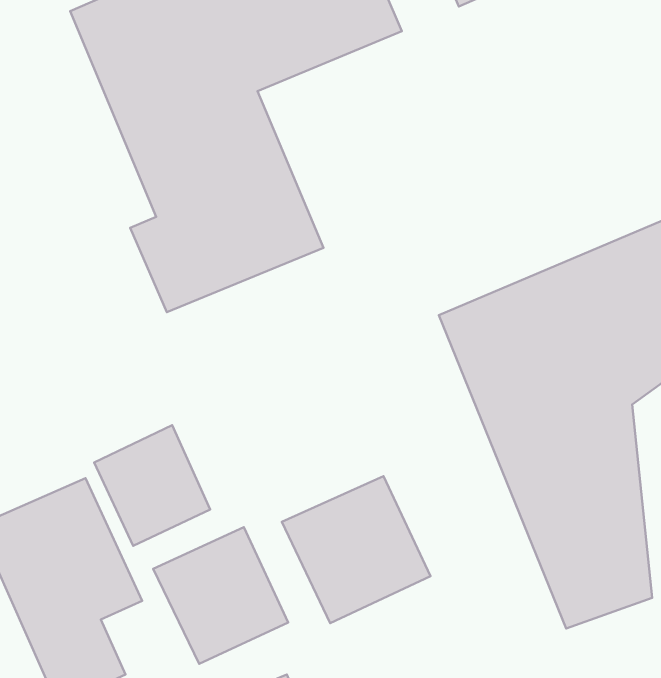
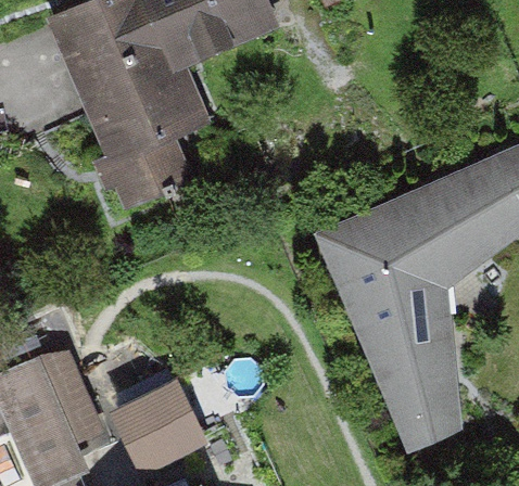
building: [94,425,210,546] -> none
building: [282,476,431,623] -> none

